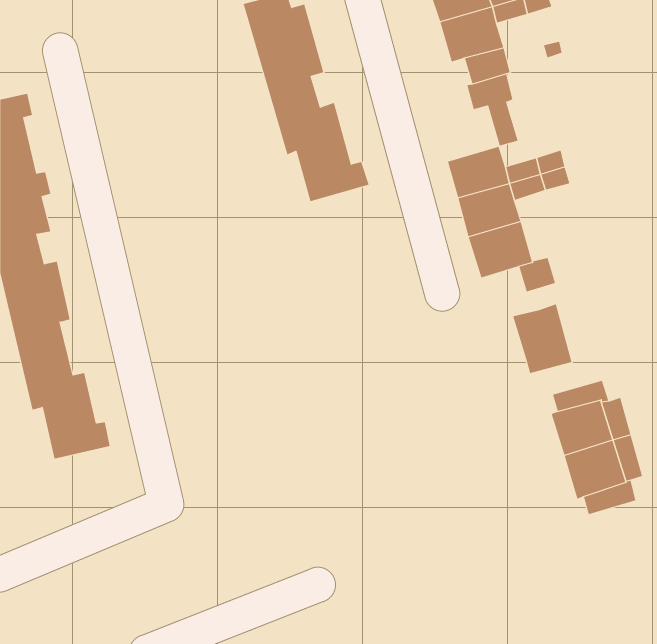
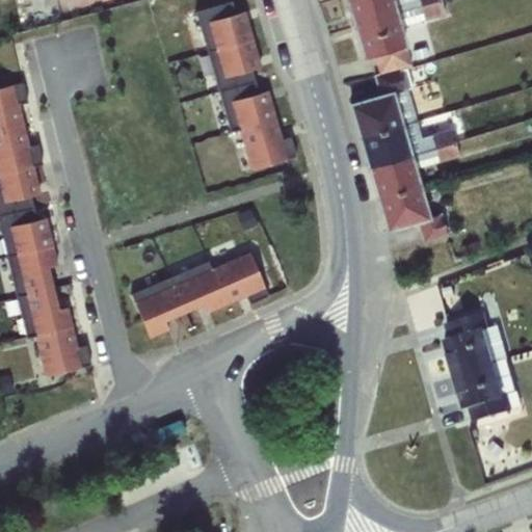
building: none -> [351,92,402,137]
building: none -> [133,250,269,338]
building: [513,304,572,374] -> none

